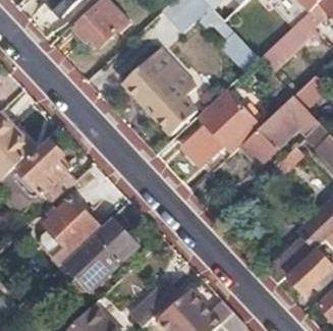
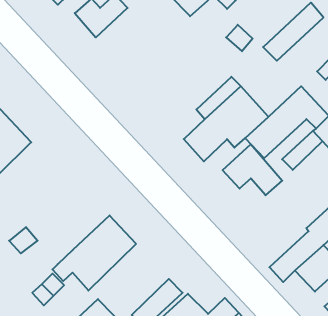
building: [121,52,189,133] -> none
building: [9,140,76,214] -> none
building: none -> [223,144,282,195]
building: [43,197,95,266] -> none

